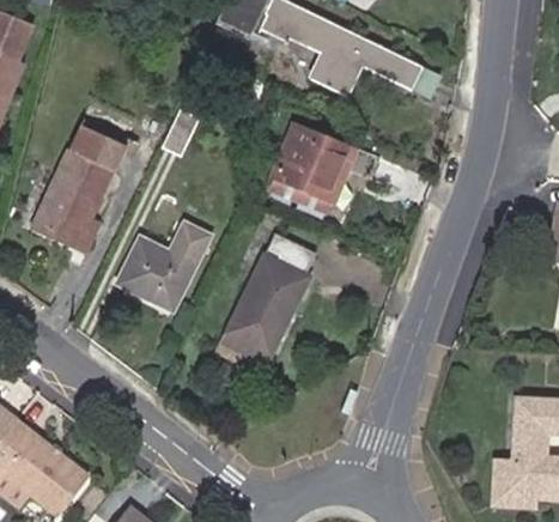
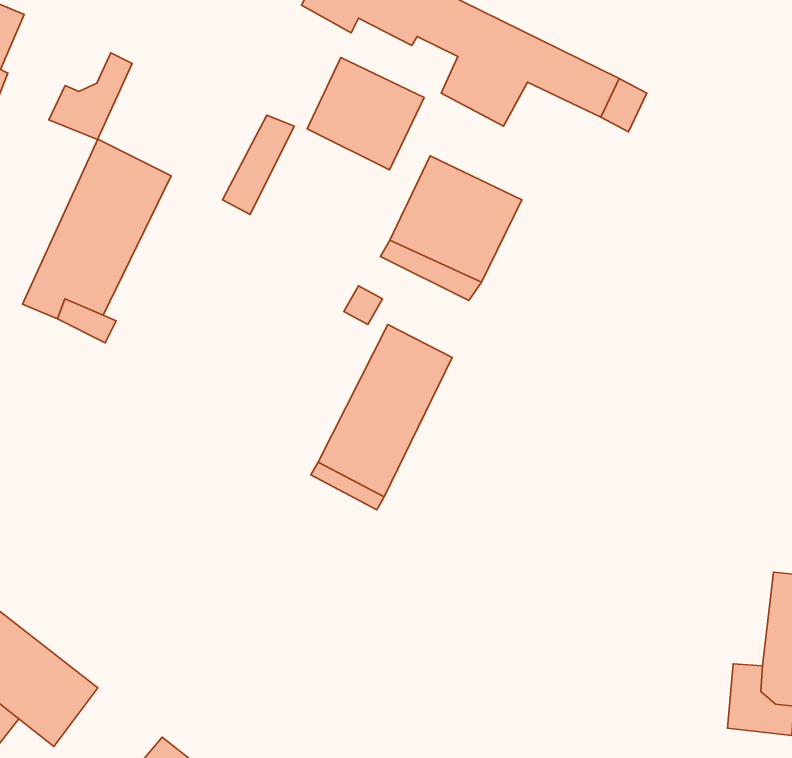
building: none -> [49,53,132,140]
building: none -> [307,57,424,170]
building: [114,224,214,320] -> none

